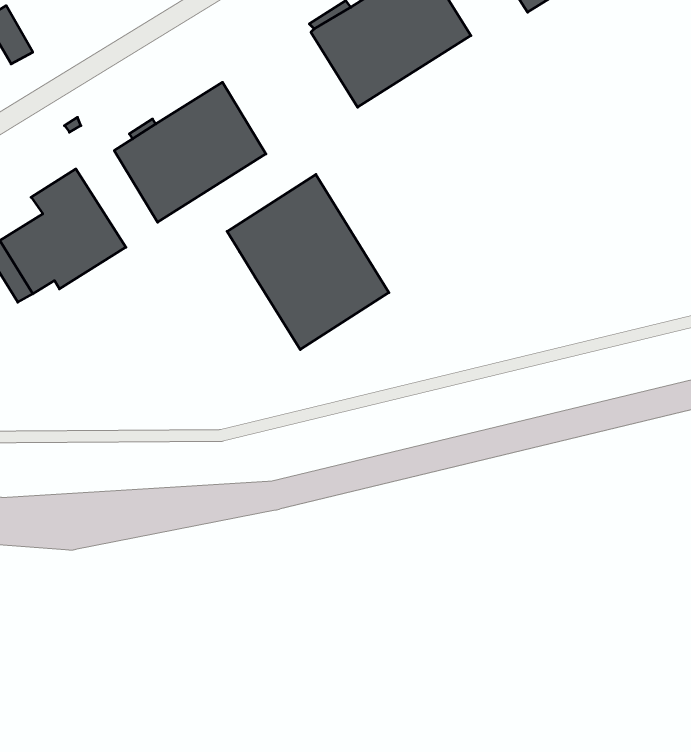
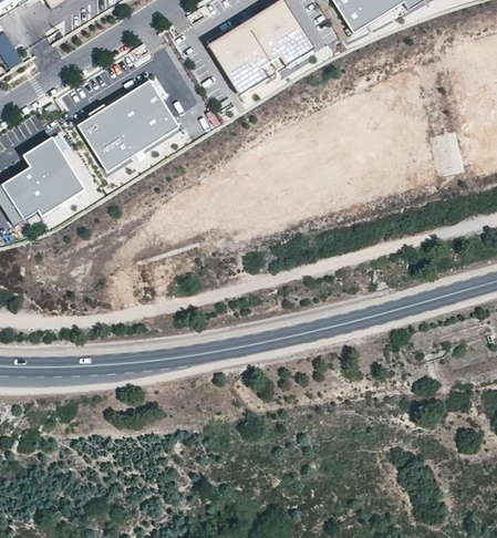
building: [227,174,389,350] -> none

